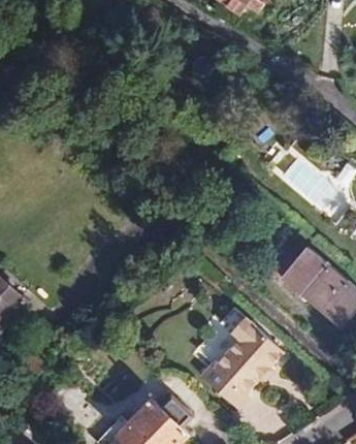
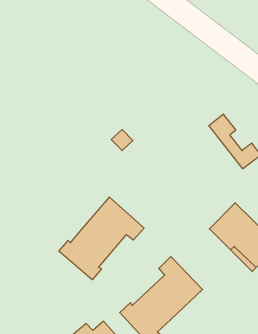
building: none -> [59,197,144,280]

